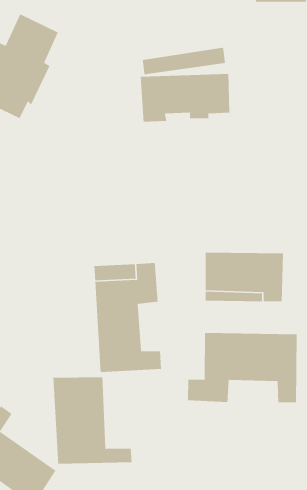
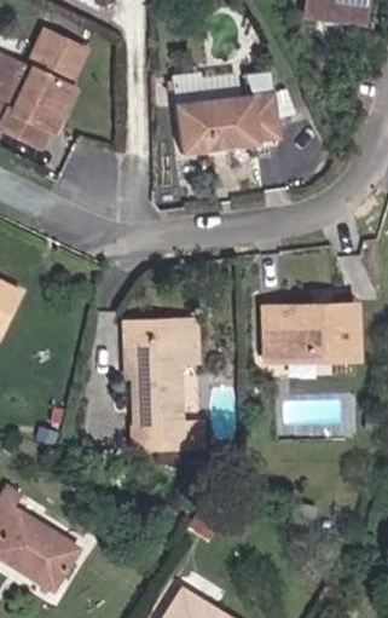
building: [187,332,298,403] -> none
building: [53,376,133,464] -> none

